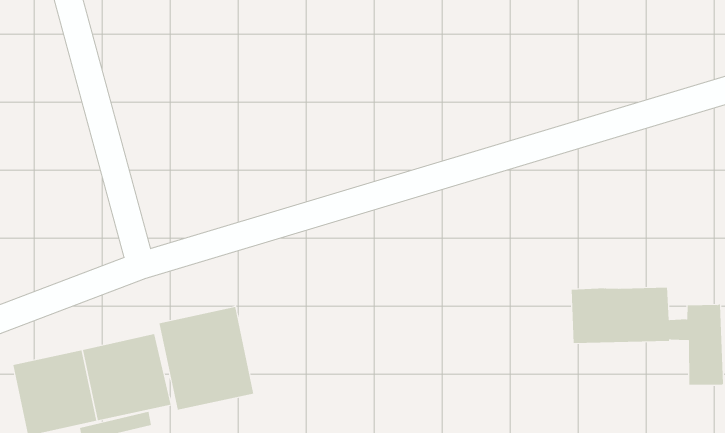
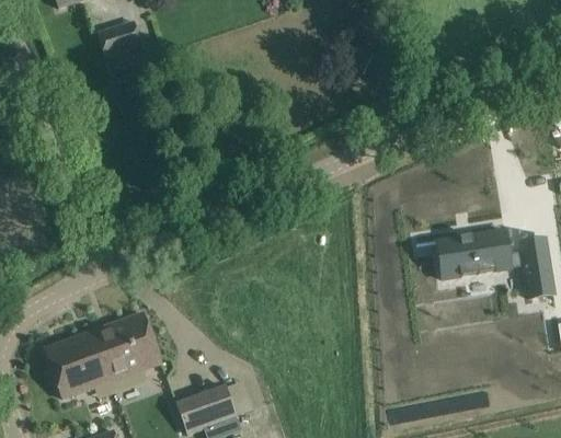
building: [159,306,254,411] -> none

